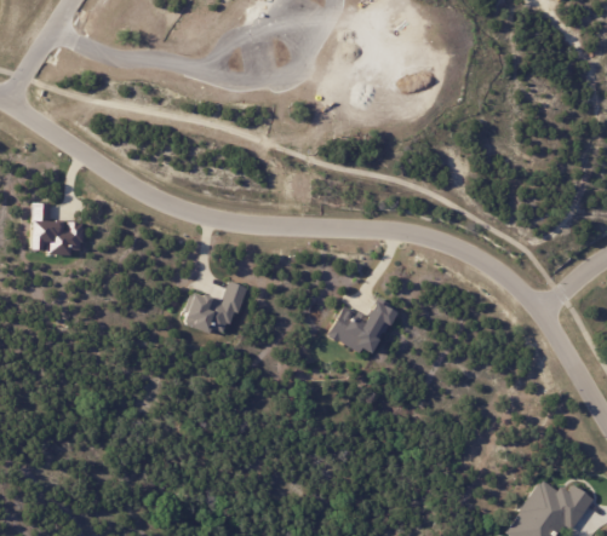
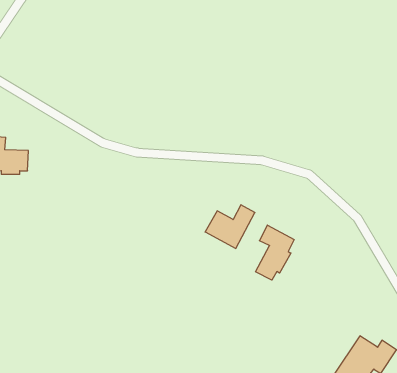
building: [184,281,245,334] -> none
building: none -> [256,225,294,280]

